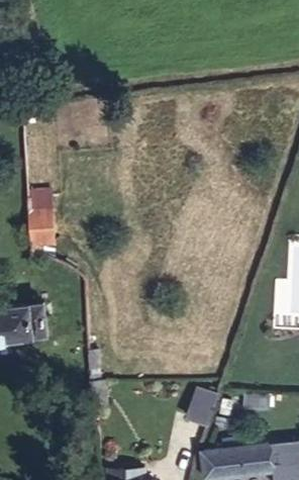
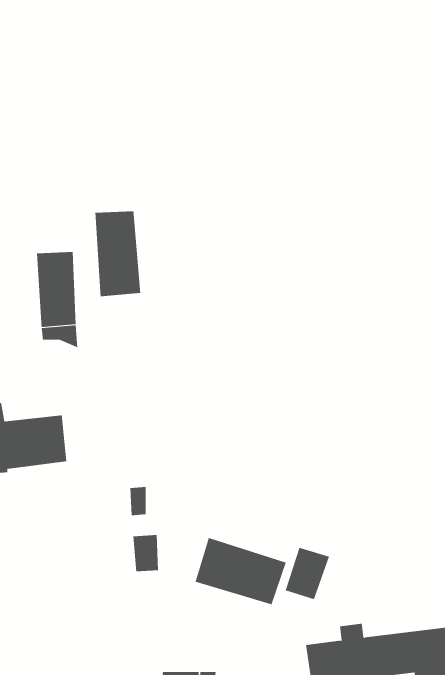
building: none -> [95,211,141,297]
building: none -> [195,537,287,605]

